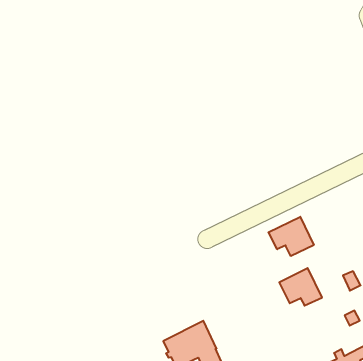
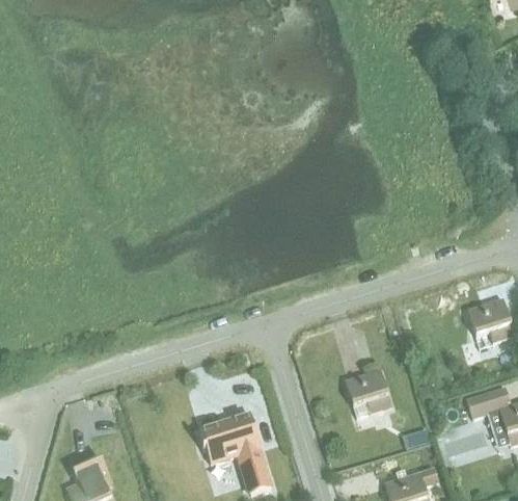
building: [268,217,314,256] -> none

